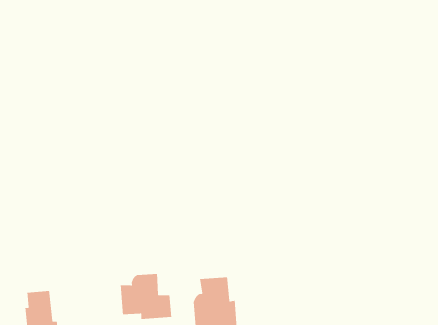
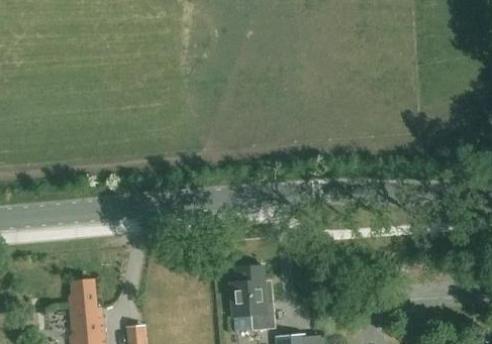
building: [120,273,172,320] -> none

